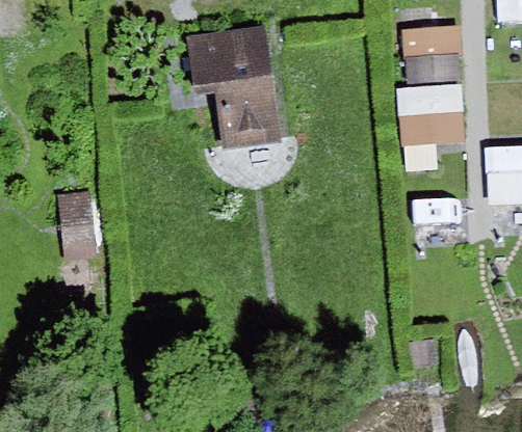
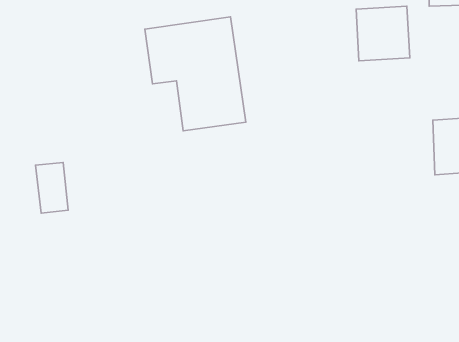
building: [399,83,467,147] -> none

